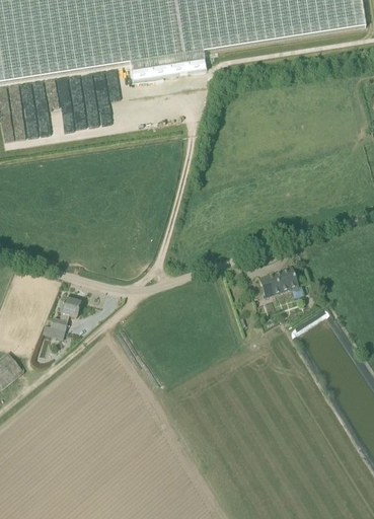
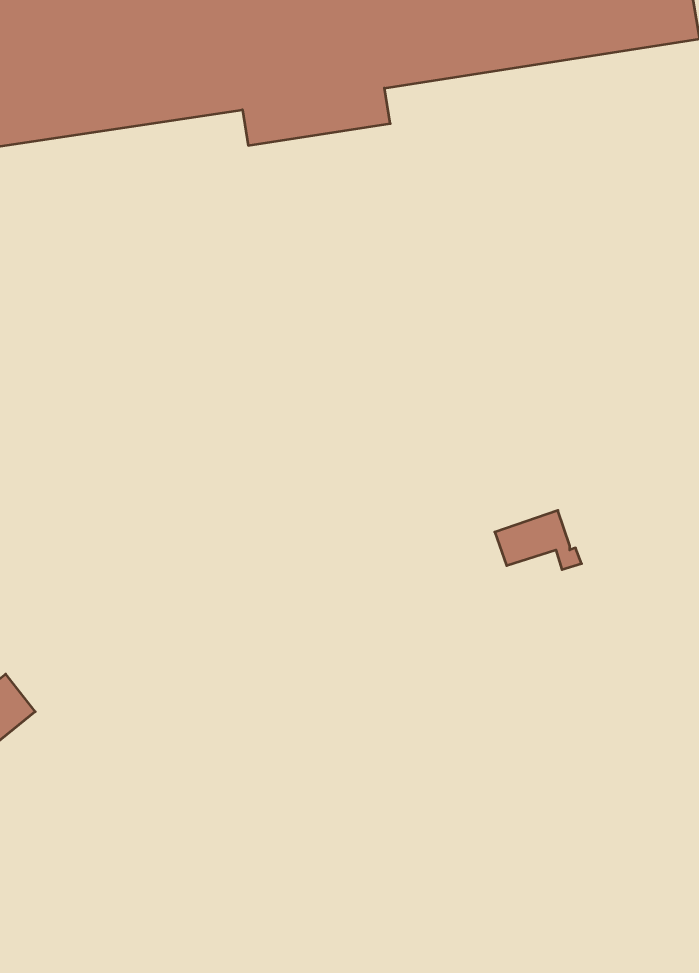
building: [52,296,81,329] -> none

